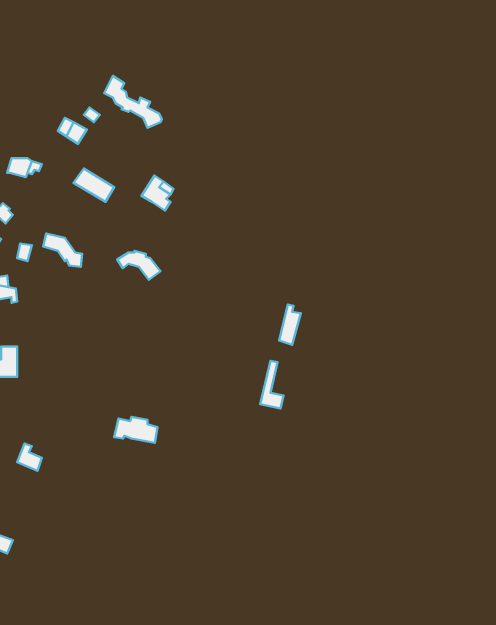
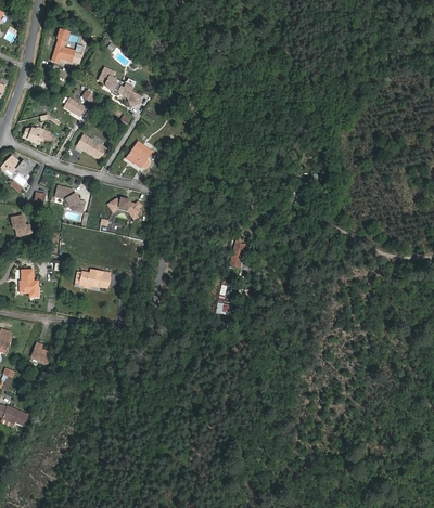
building: none -> [51,26,82,61]
building: [114,417,158,443] -> [77,270,110,289]

